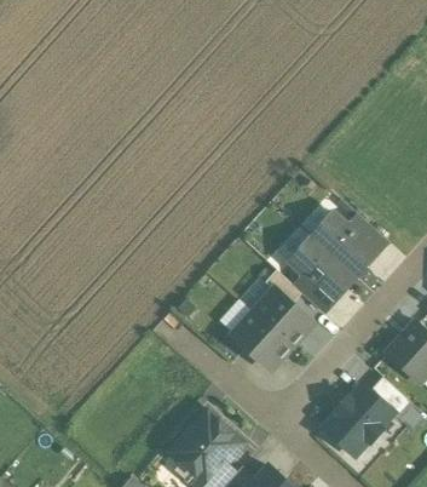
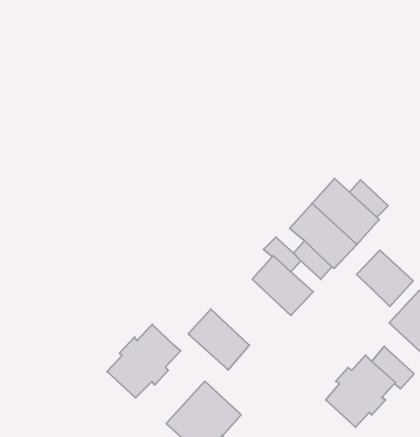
building: none -> [357,250,413,306]
building: [231,310,290,369] -> [188,309,249,370]
building: none -> [107,324,181,398]

